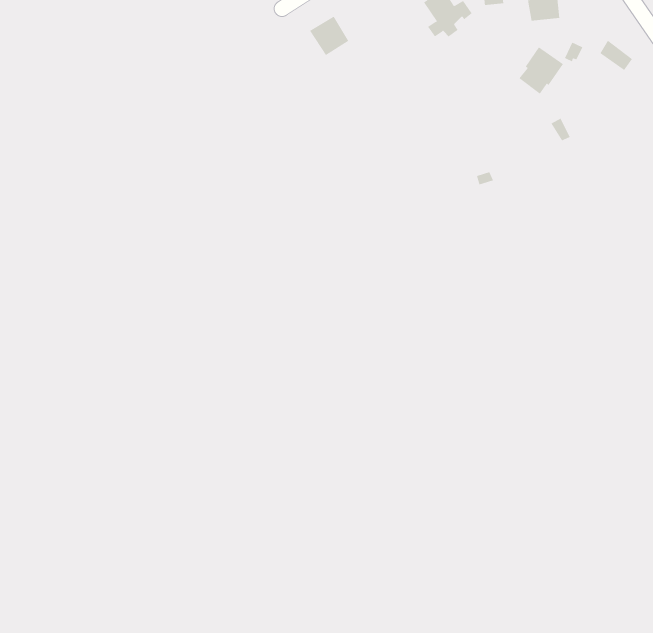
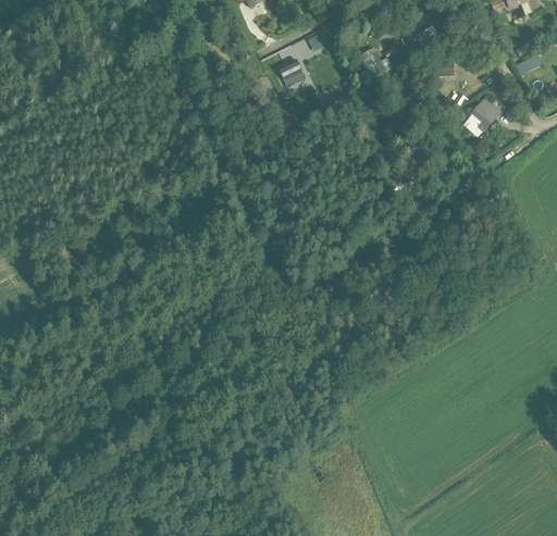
building: [518,46,564,95] -> [462,103,495,137]

